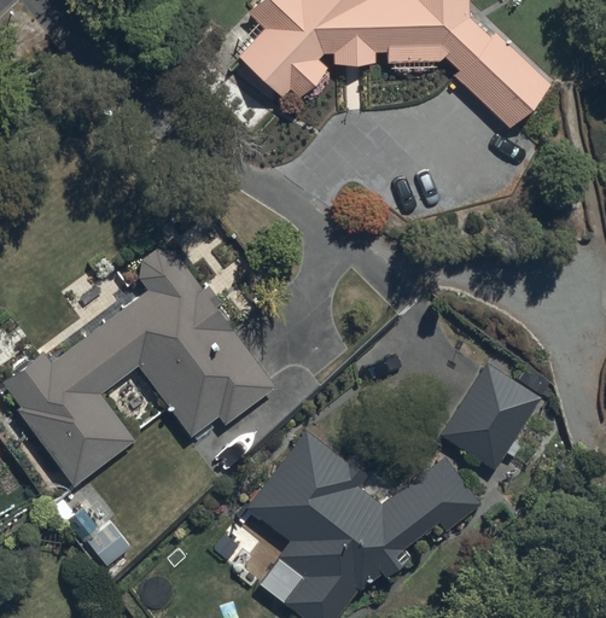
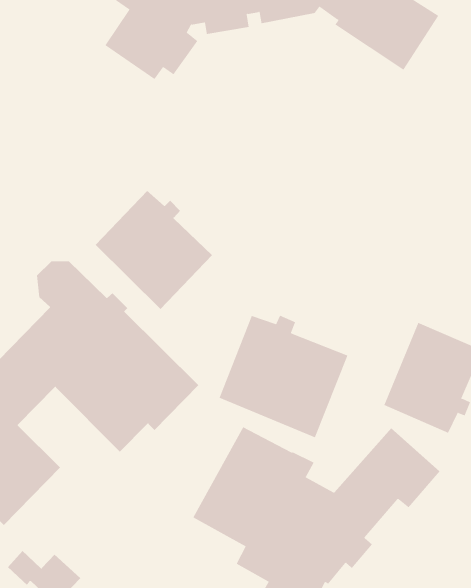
building: none -> [95,190,213,310]
building: none -> [219,315,348,438]

